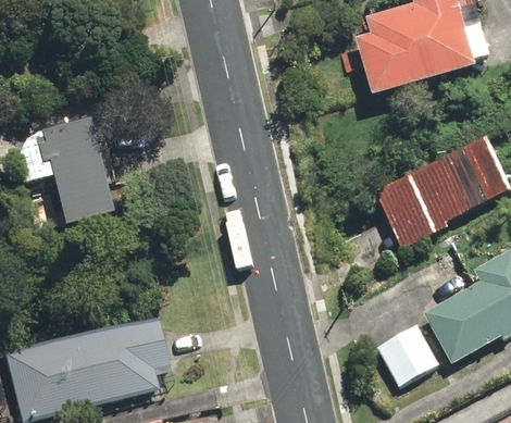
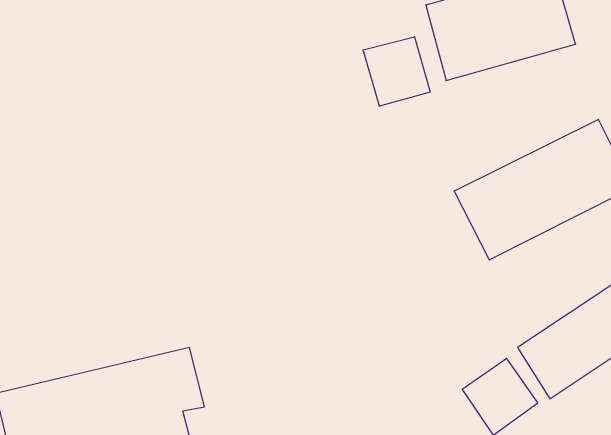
building: none -> [363,37,430,106]
building: [13,114,113,224] -> none

